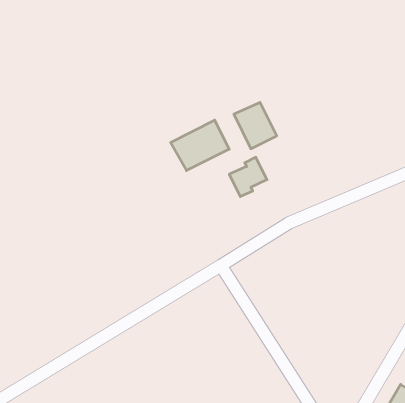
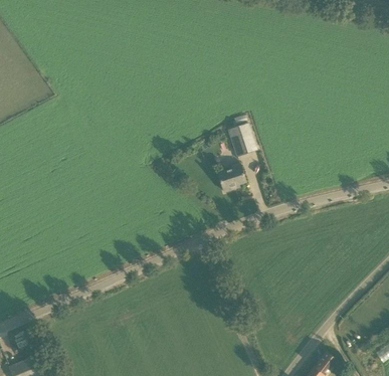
building: [171,120,229,171] -> none

